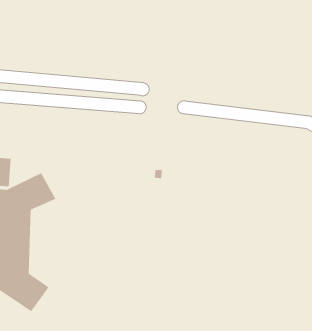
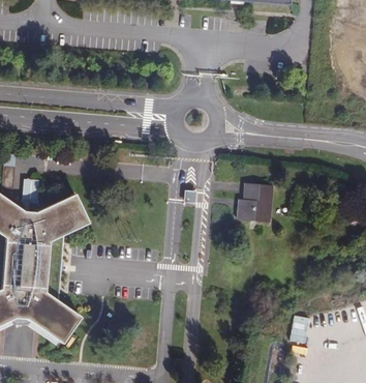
building: none -> [239,183,272,219]

